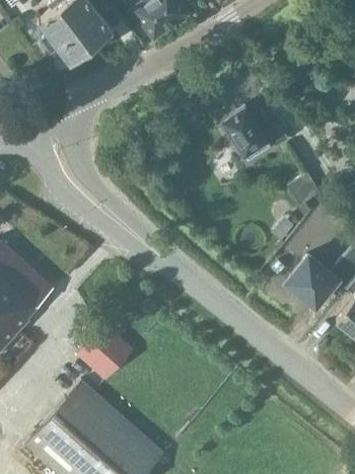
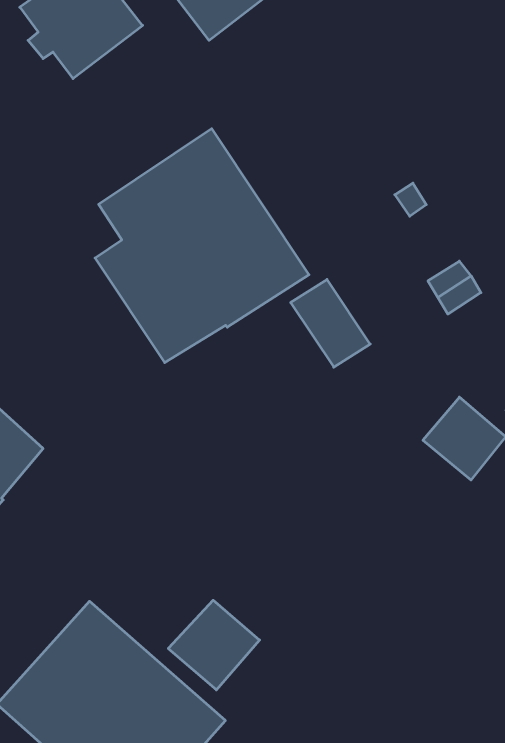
building: none -> [95,129,309,363]
building: [222,106,271,160] -> [291,279,370,367]
building: [78,324,134,379] -> [168,600,260,690]

